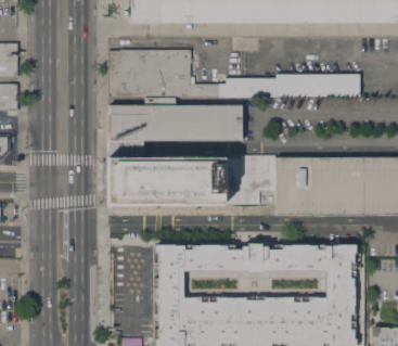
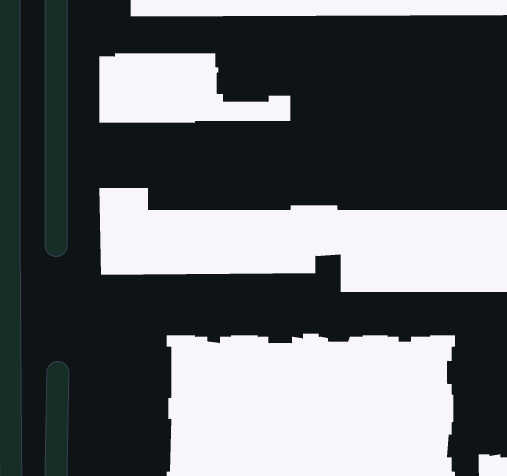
building: [242,74,359,97] -> none
building: [108,98,242,142] -> none

